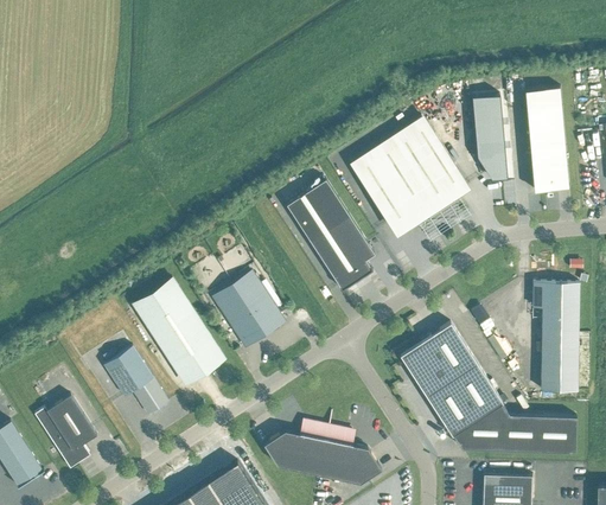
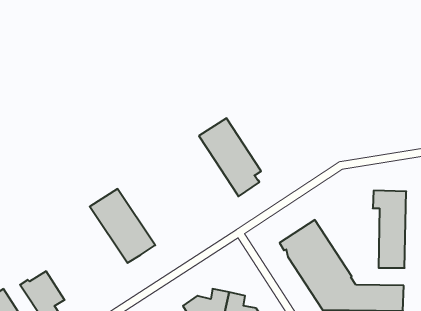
building: [525,89,570,192] -> none
building: [472,95,508,180] -> none
building: [351,116,467,232] -> none
building: [216,276,285,346] -> none
building: [104,346,170,415] -> none

